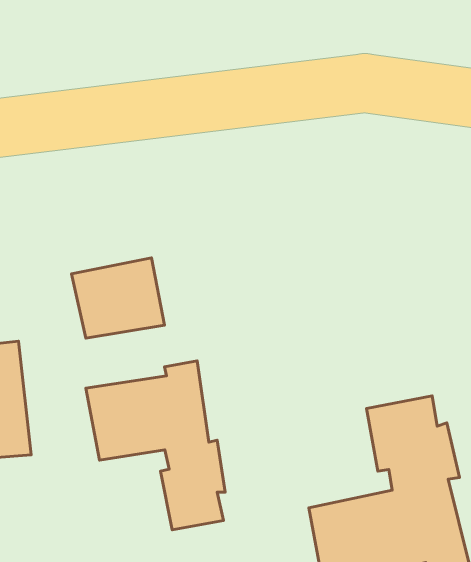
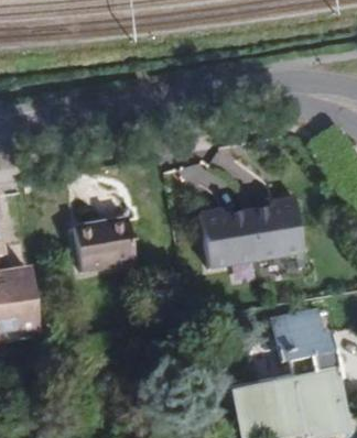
building: none -> [199,199,304,272]
building: [86,361,225,530] -> none

